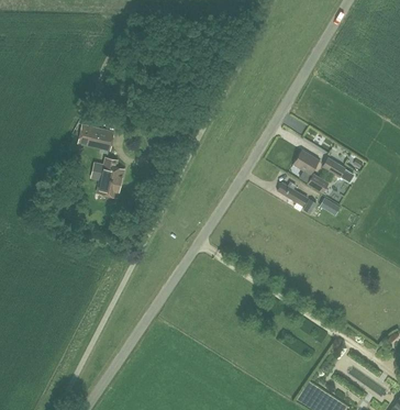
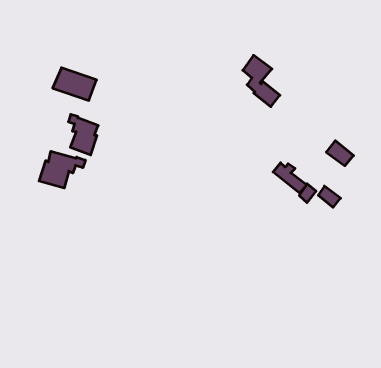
building: [295,148,330,191] -> [243,55,280,107]
building: none -> [39,151,85,188]

